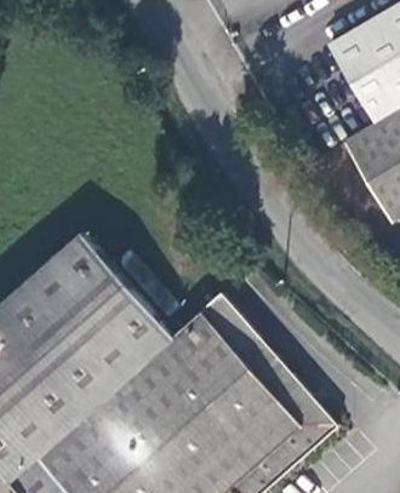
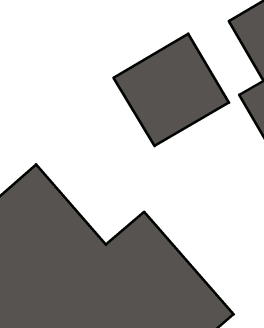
building: none -> [114,34,229,146]

